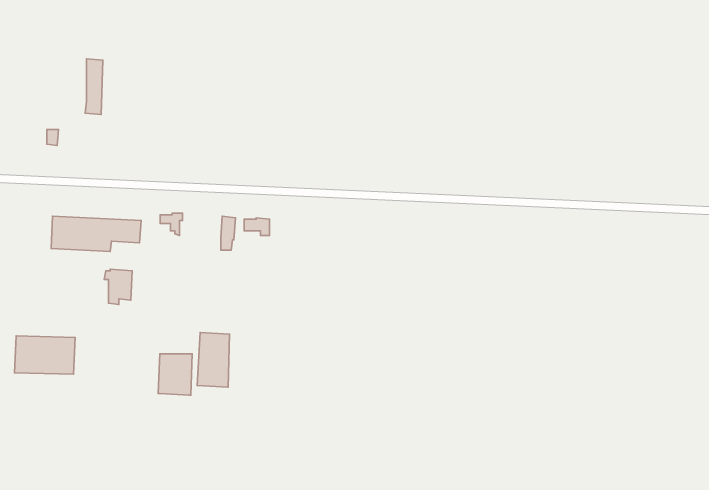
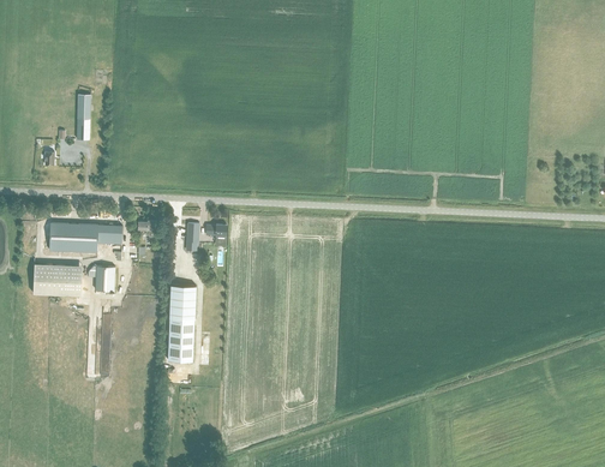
building: [15,336,75,374] -> [32,263,82,294]
building: [158,354,192,395] -> [168,285,196,318]

